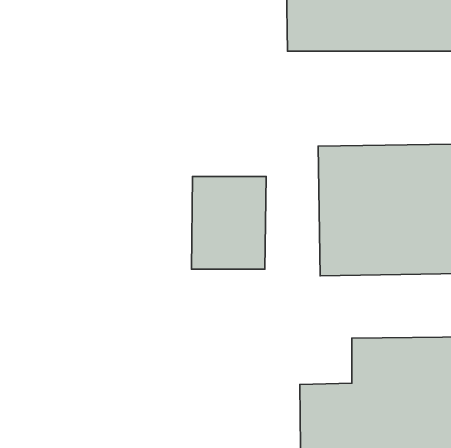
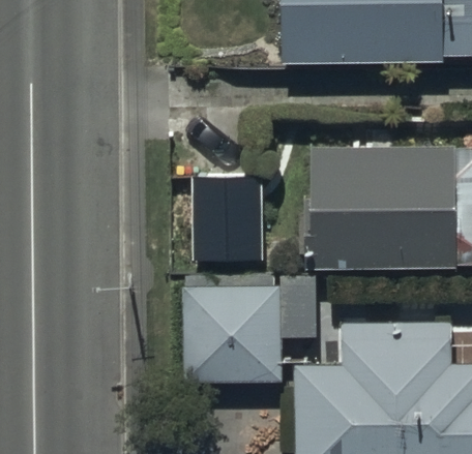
building: none -> [184,276,316,383]

